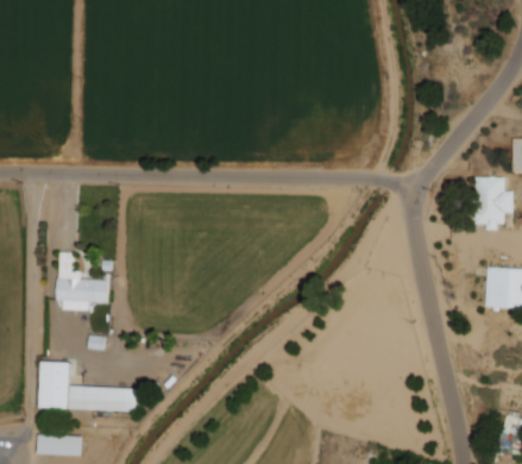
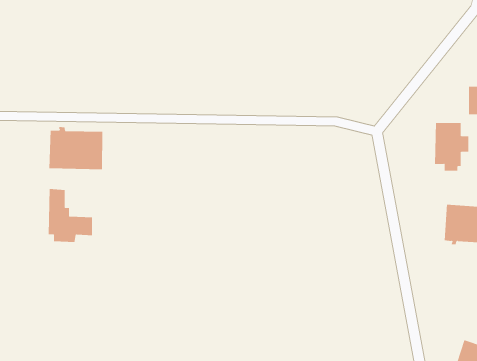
building: none -> [49,126,103,170]
building: [39,362,134,412] -> none

